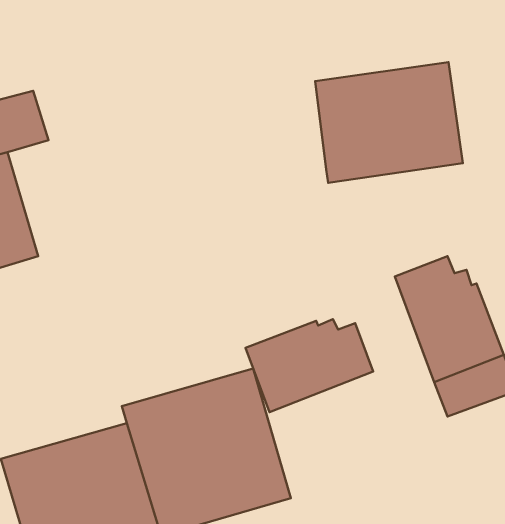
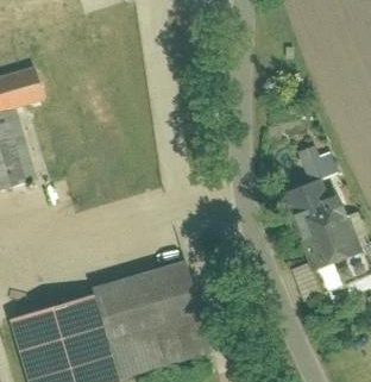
building: [315,62,463,183] -> none
building: none -> [293,148,332,181]
building: [246,319,373,412] -> none

